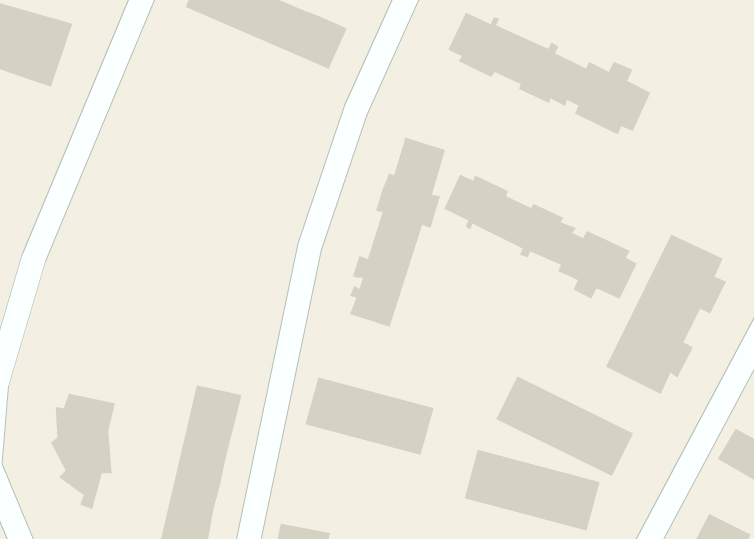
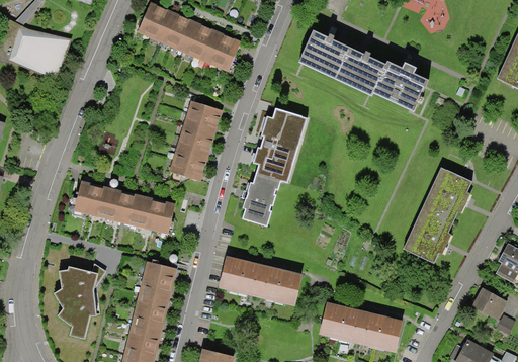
building: none -> [172,105,221,181]
building: [443,174,637,300] -> none
building: none -> [74,182,177,234]
building: [496,376,634,477] -> none

